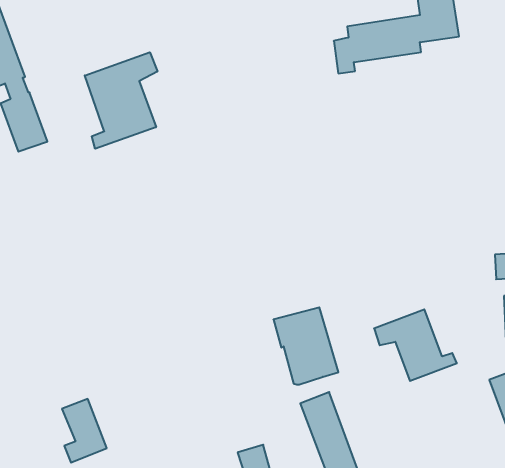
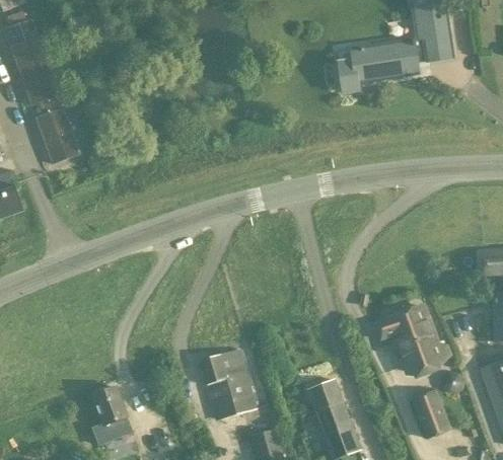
building: [85,52,157,149] -> none
building: [273,307,338,385] -> [198,349,257,418]
building: none -> [413,391,450,437]

